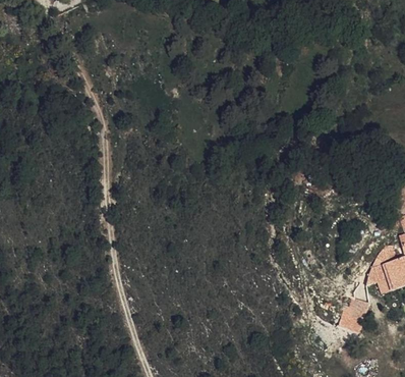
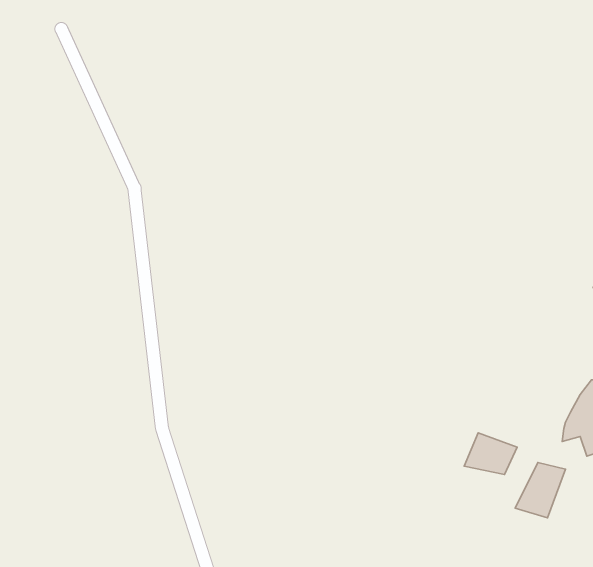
building: none -> [464,433,517,474]

